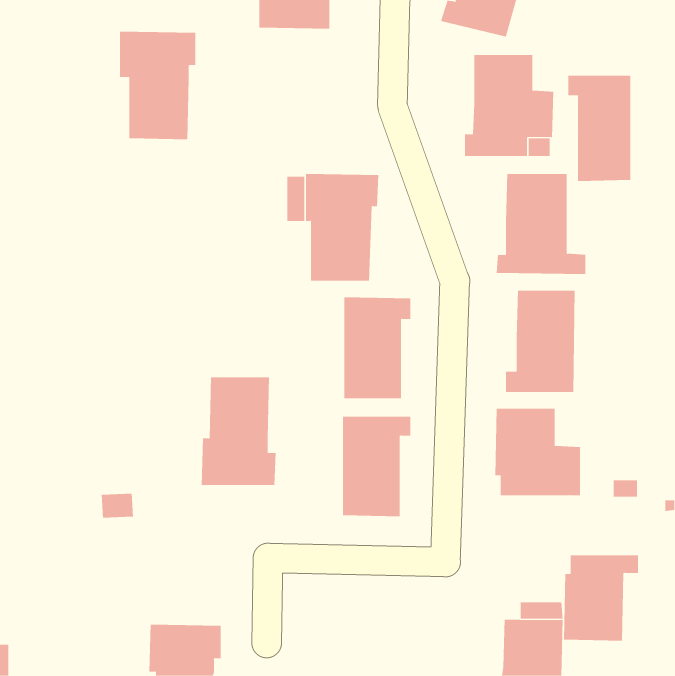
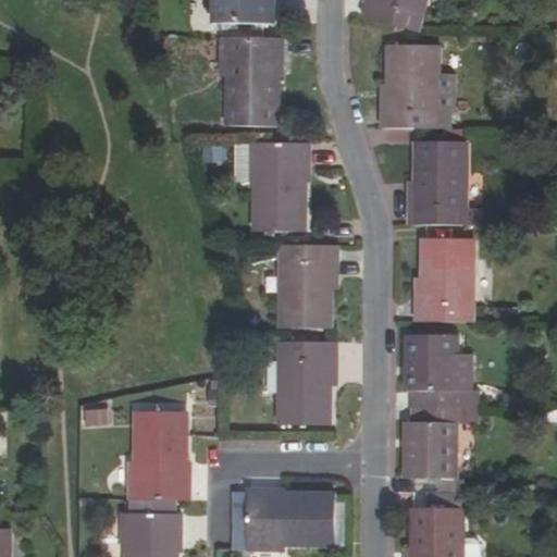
building: [119,31,196,140] -> [220,37,283,126]
building: [568,75,631,182] -> none
building: [201,377,276,486] -> [128,411,190,500]
building: [563,555,639,641] -> [405,407,467,478]
building: none -> [246,487,335,548]

